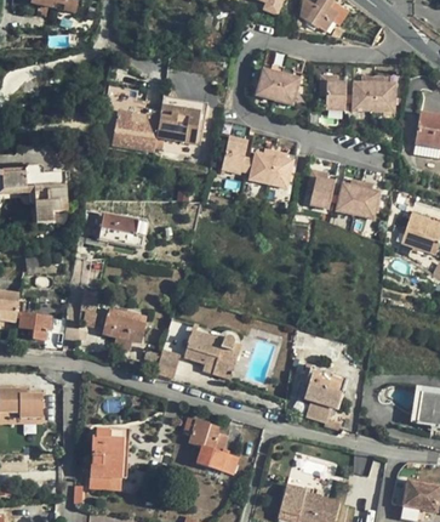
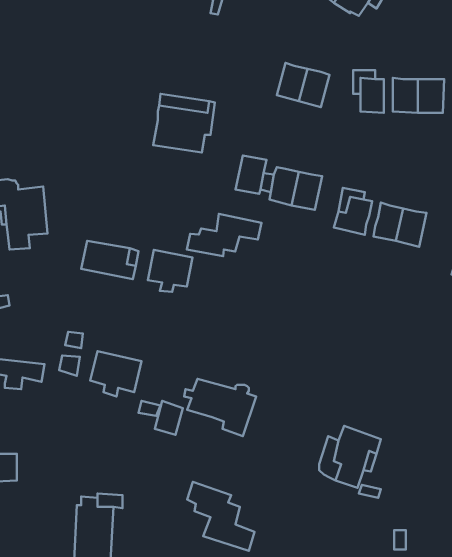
building: [112,109,159,151] -> none
building: none -> [187,214,262,256]
building: none -> [148,250,192,292]

